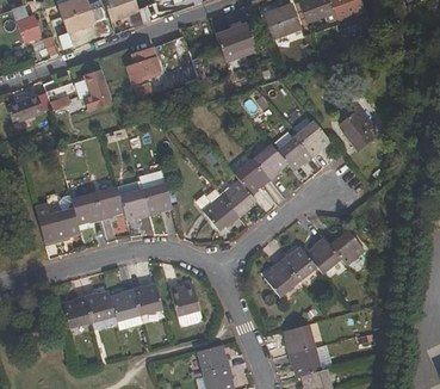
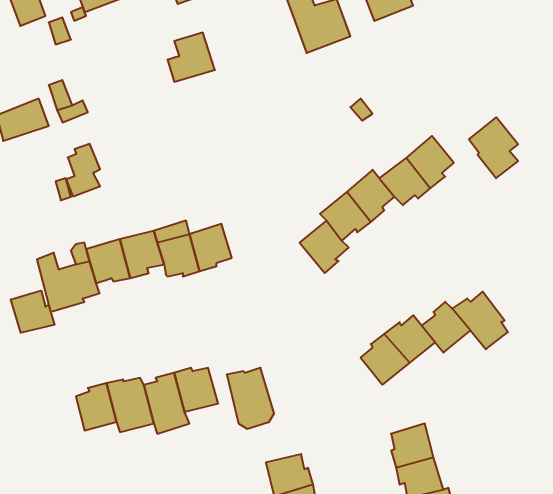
building: [85,72,109,109] -> [66,144,100,196]
building: [203,194,238,229] -> none
building: none -> [11,291,55,333]

